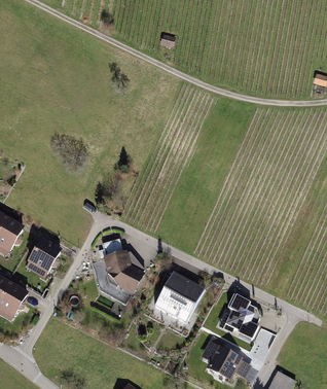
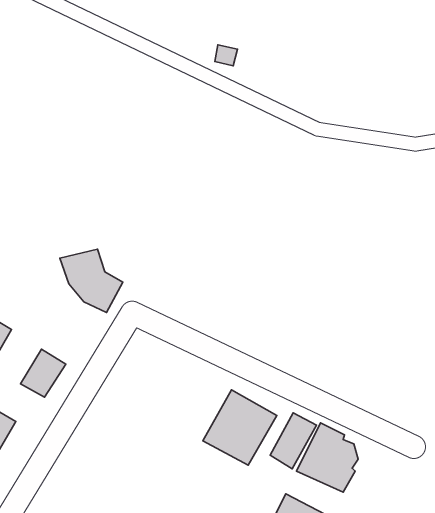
building: [99,250,142,293] -> [60,249,123,312]
building: none -> [270,413,316,469]

